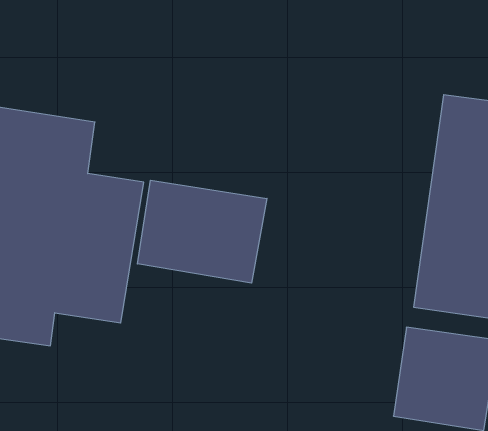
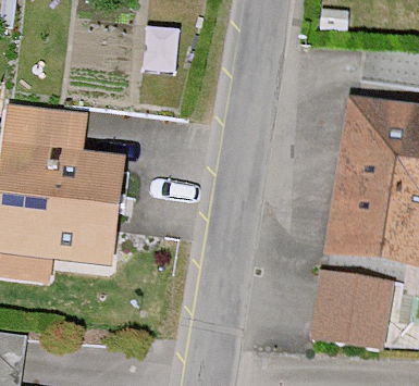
building: [137,180,267,283] -> none

